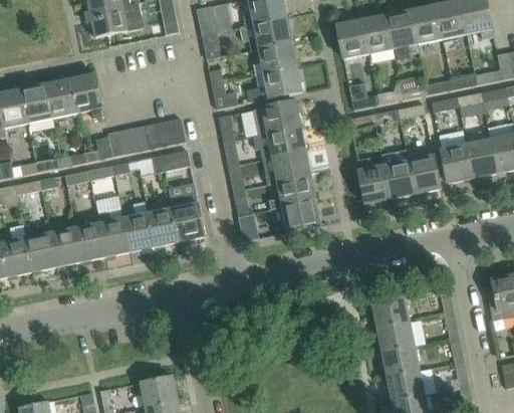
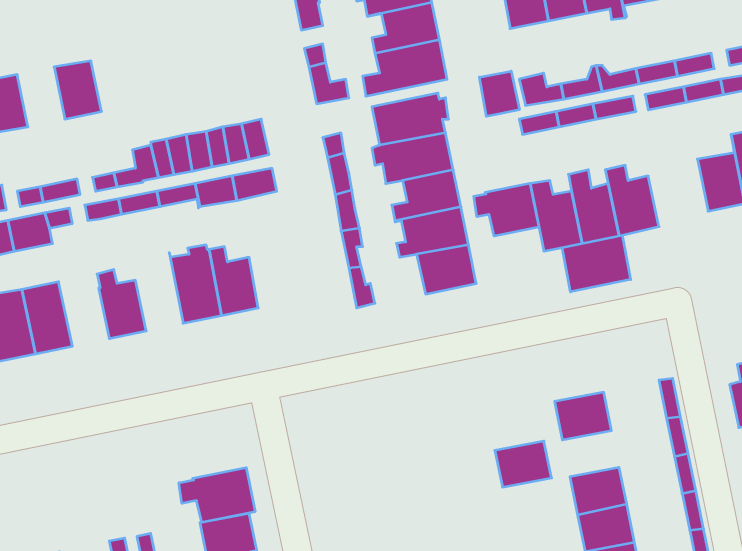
building: [69,73,104,121] -> none
building: [21,83,52,123] -> none
building: none -> [479,71,519,116]
building: [442,144,473,183] -> none
building: none -> [474,183,539,236]
building: none -> [562,235,631,292]
building: [171,195,206,241] -> none
building: [98,205,130,256] -> none
building: [48,224,81,266] -> none
building: [377,322,415,352] -> [495,441,552,487]
building: none -> [179,468,255,522]

